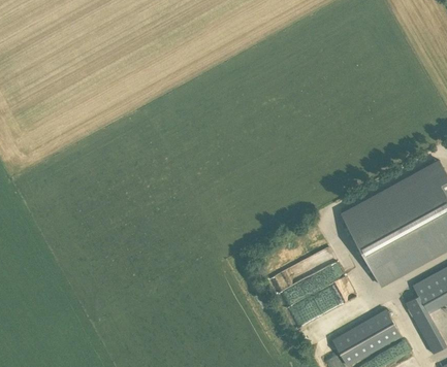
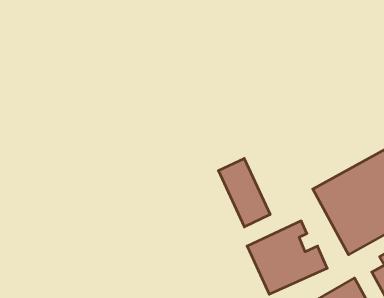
building: none -> [218,158,270,227]

